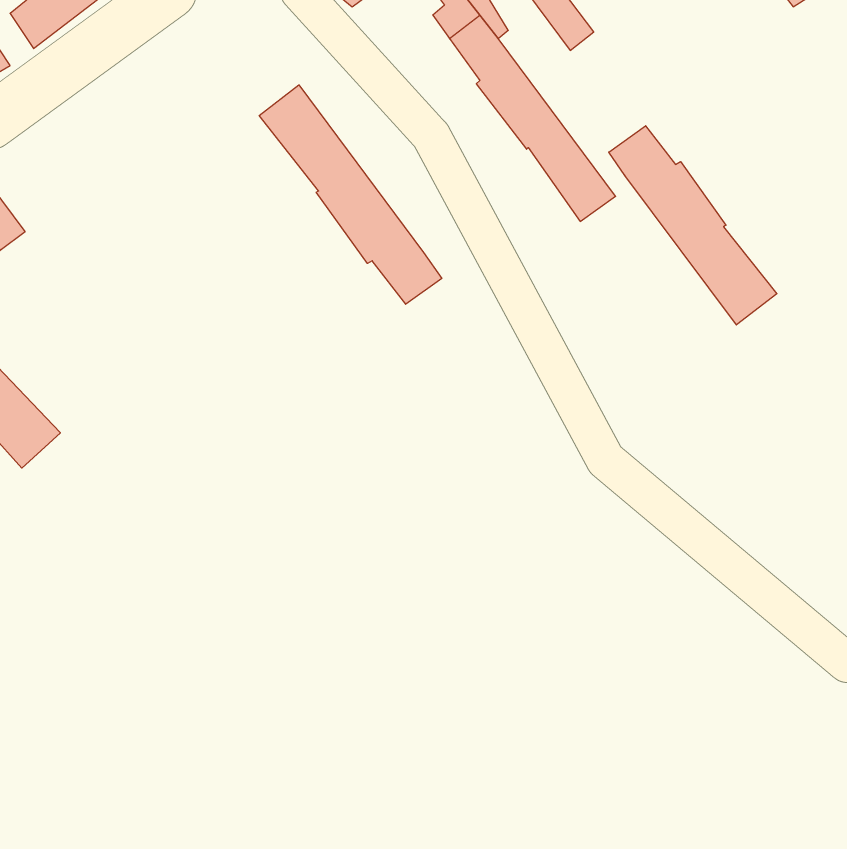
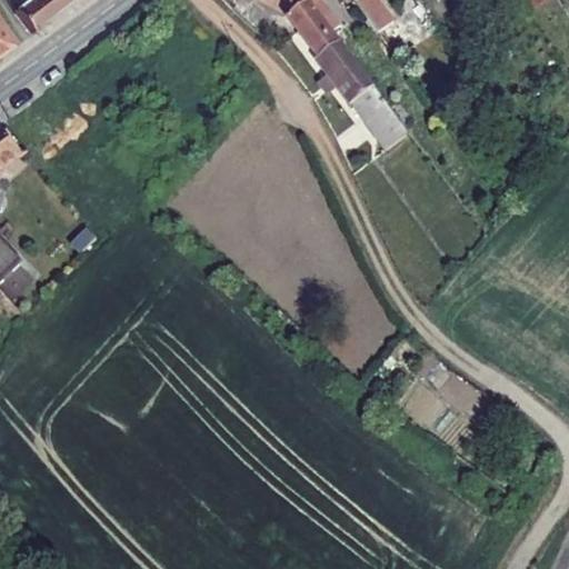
building: [259,85,442,304] -> none
building: [609,126,777,325] -> none

